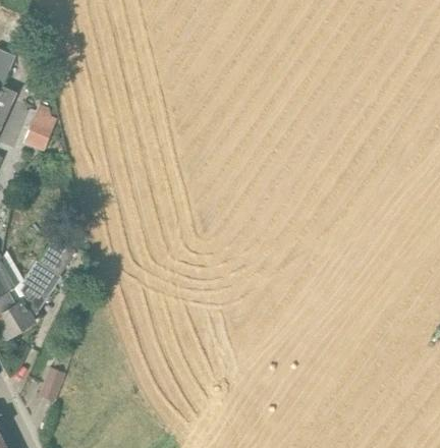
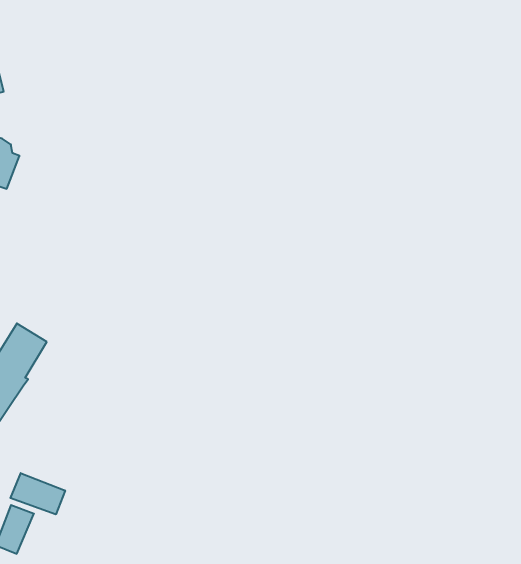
building: none -> [10,473,65,514]

